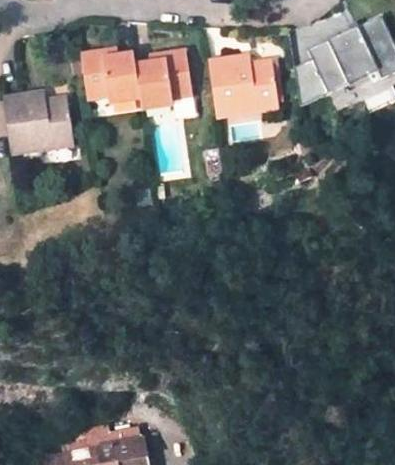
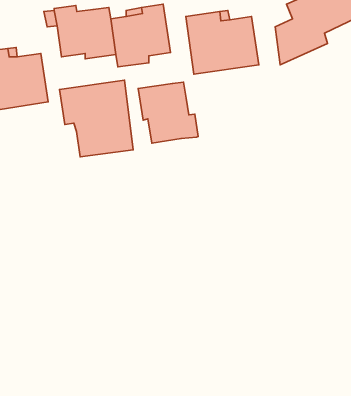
building: none -> [59,80,133,157]
building: none -> [138,82,198,143]

